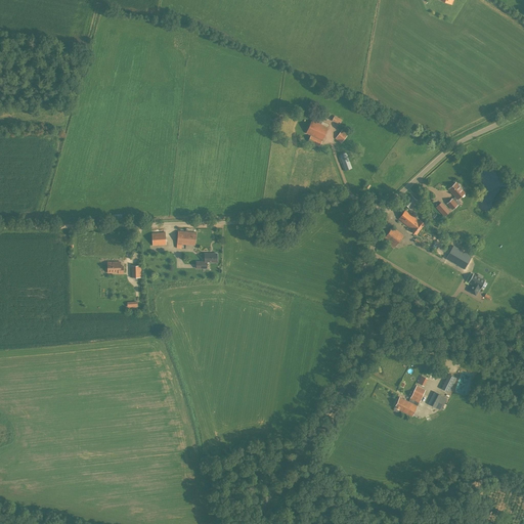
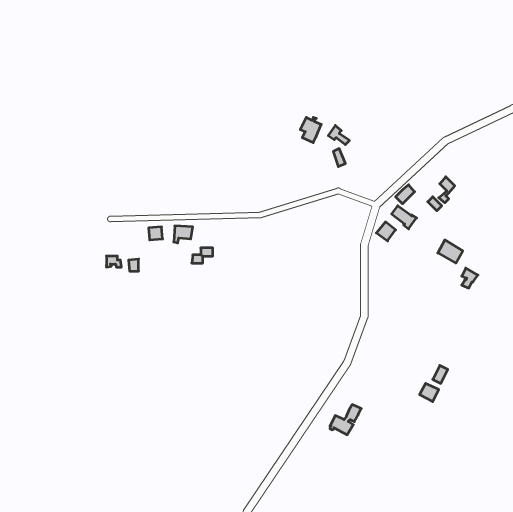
building: [394,385,426,416] -> [330,405,361,435]

